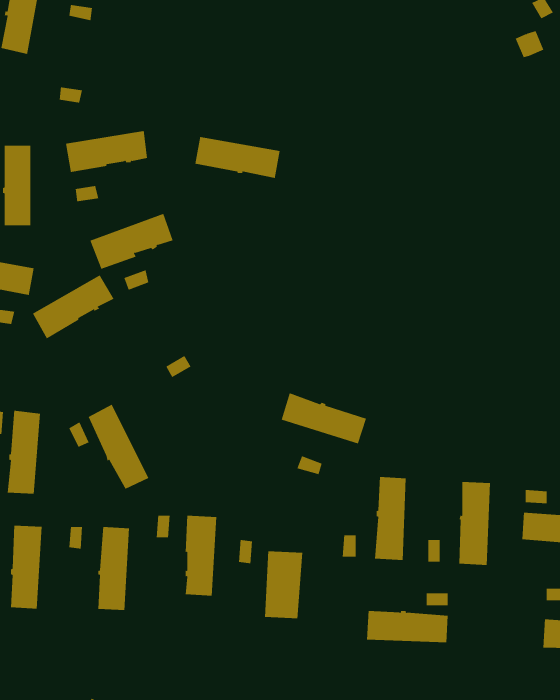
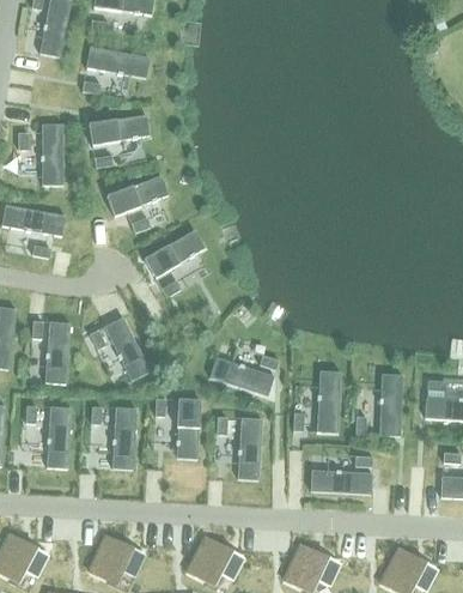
building: [195,136,280,178] -> [85,47,148,78]
building: [32,275,115,339] -> [144,230,205,278]
building: [281,393,367,444] -> [209,357,273,395]

